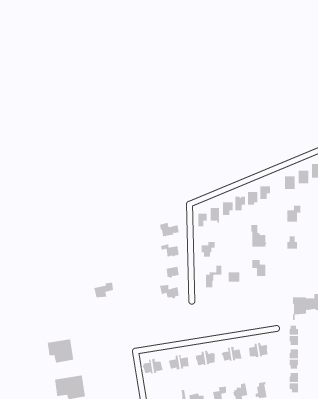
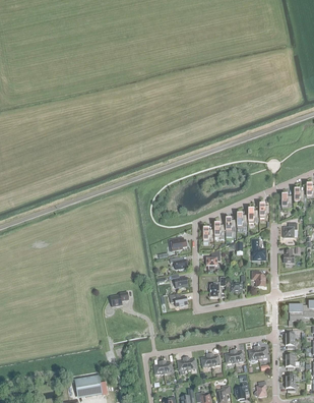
building: [47,338,74,364] -> none

